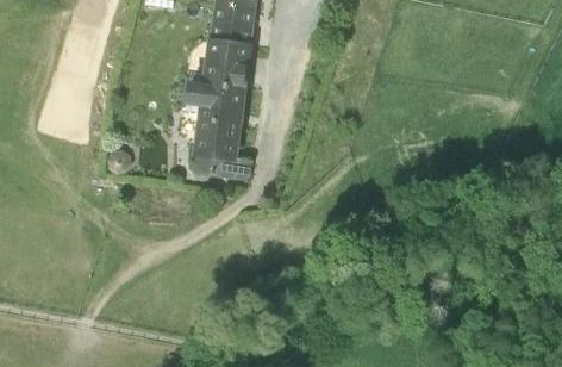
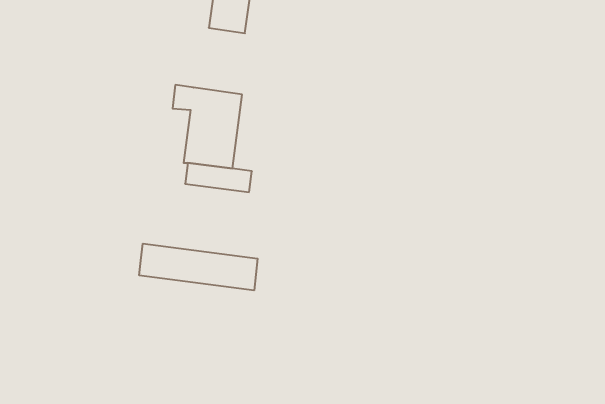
building: [202,33,251,91] -> none
building: none -> [139,244,258,290]

